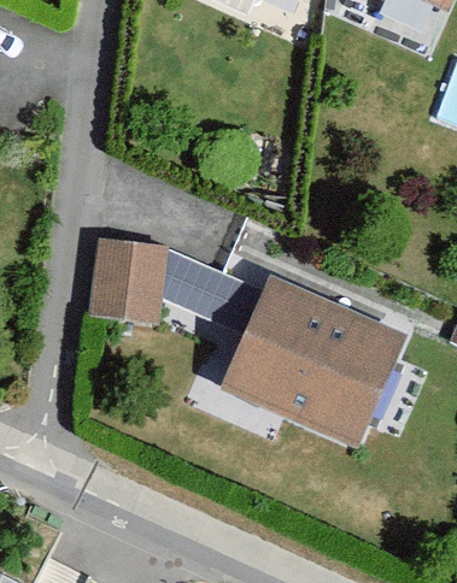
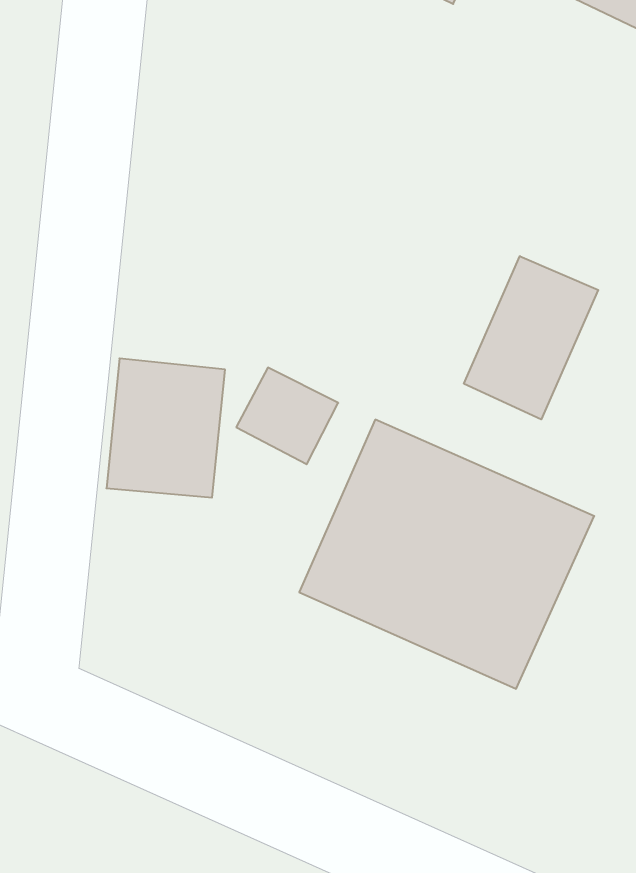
building: none -> [464,256,598,419]

